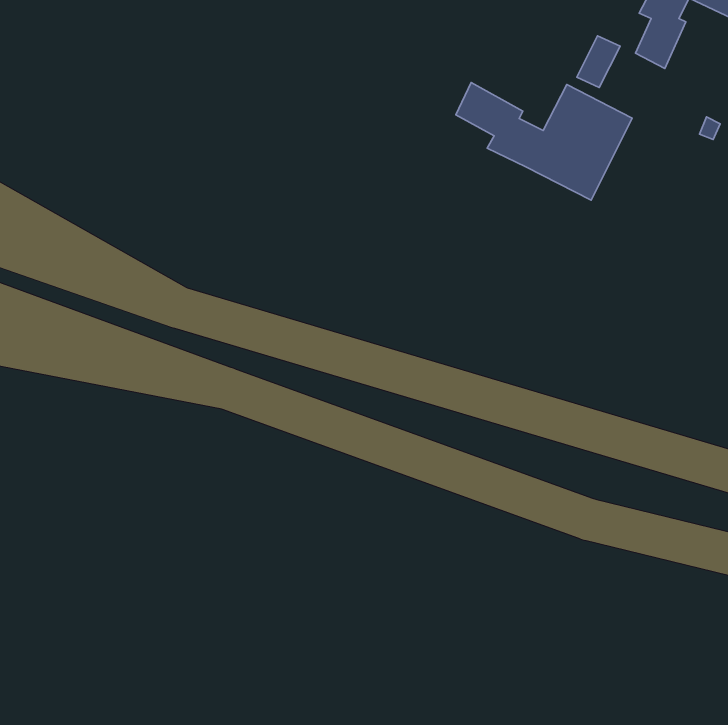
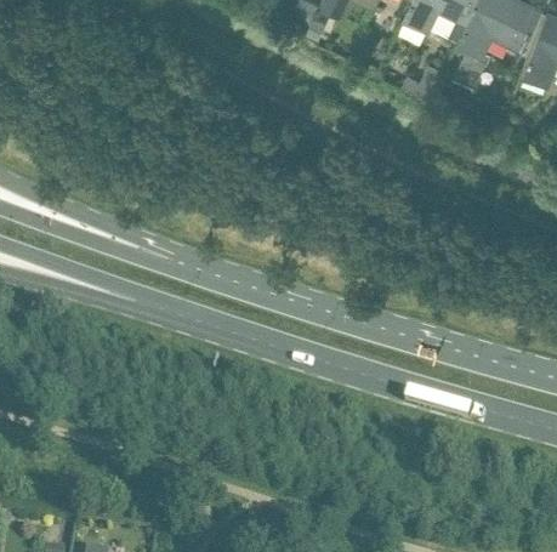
building: [456,82,632,200] -> none

